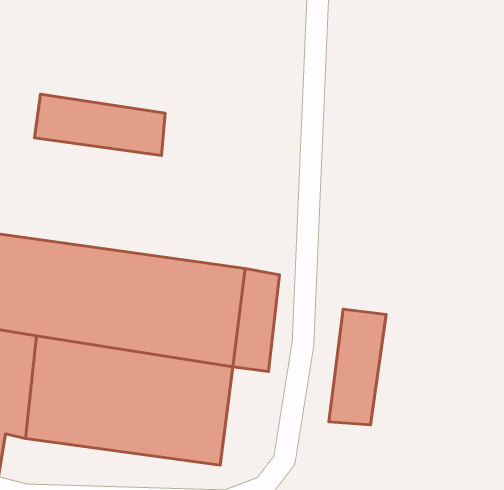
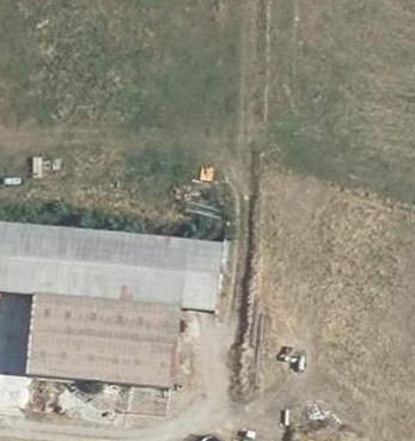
building: [34,94,165,156] -> none
building: [329,309,386,425] -> none

